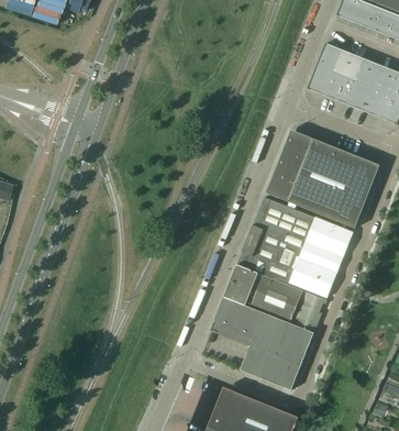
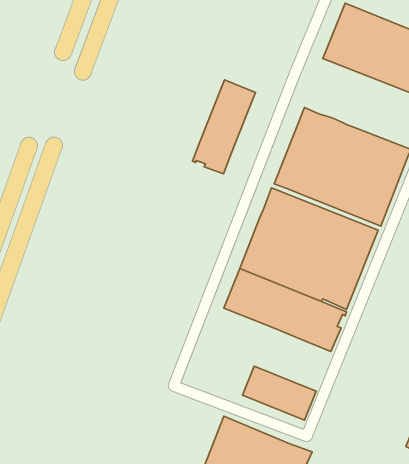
building: none -> [192,80,256,174]
building: [211,296,313,365] -> none

